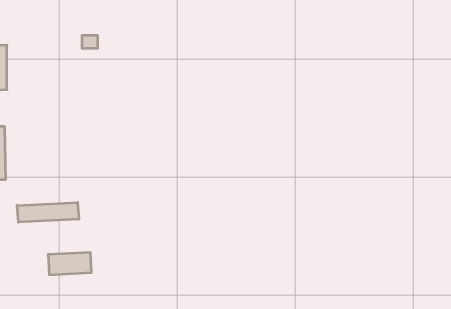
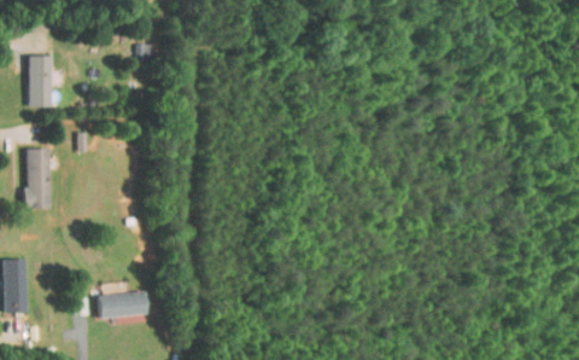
building: [17,202,79,222] -> none

